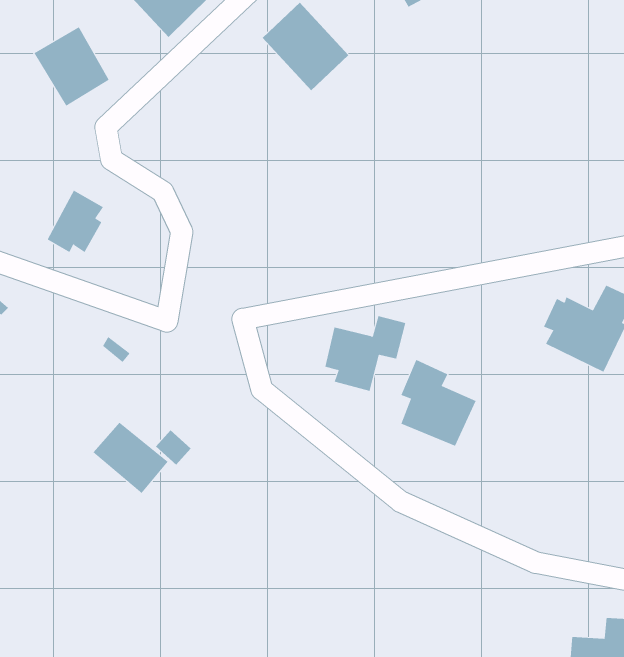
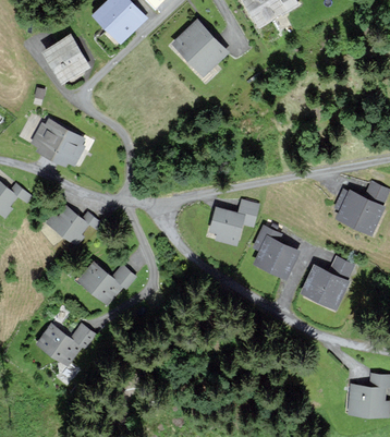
building: none -> [32,121,66,158]
building: none -> [46,207,87,245]
building: none -> [302,258,353,307]
building: none -> [37,325,93,367]

